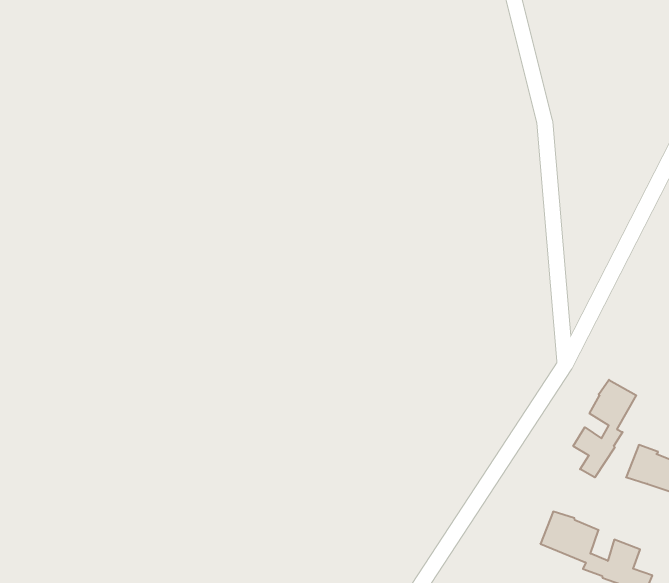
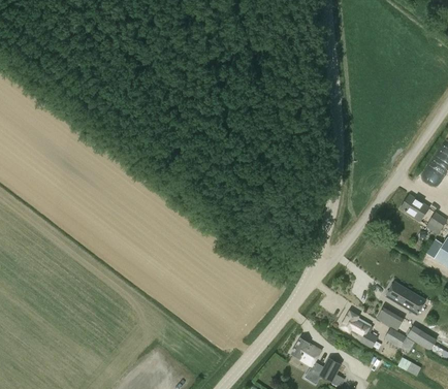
building: [573,380,636,477] -> none

